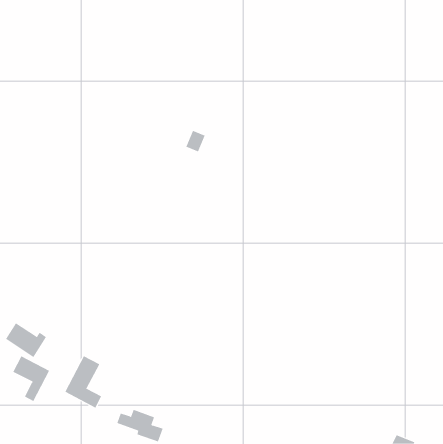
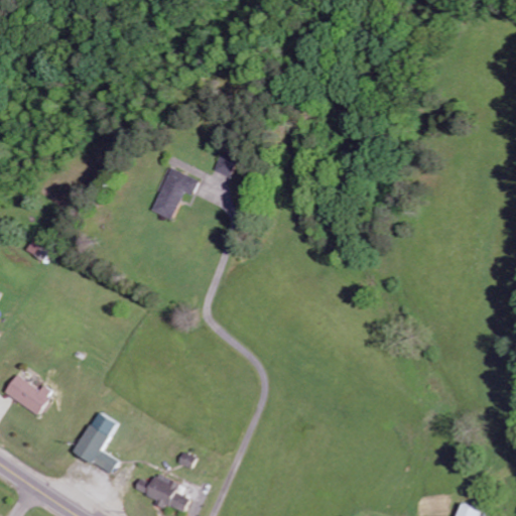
building: none -> [150,168,198,220]
building: [12,355,50,402] -> none

